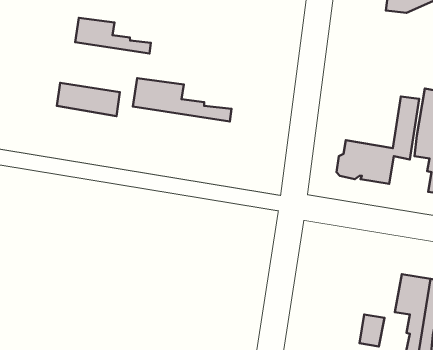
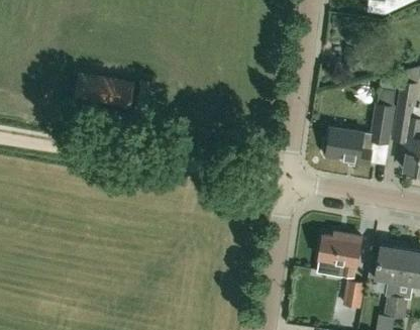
building: [75,18,151,54] -> none
building: [133,78,231,122] -> none
building: none -> [319,231,361,278]

